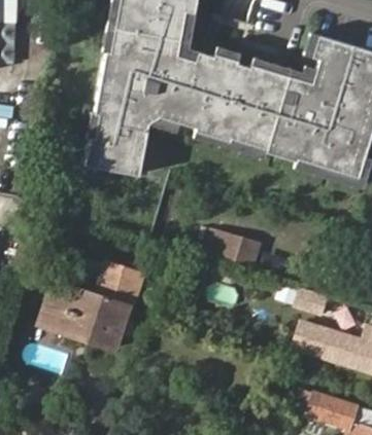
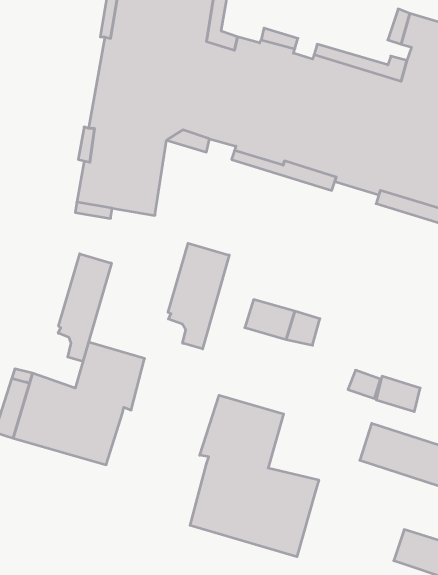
building: none -> [168,243,229,349]
building: none -> [58,254,111,361]
building: none -> [190,395,319,557]

